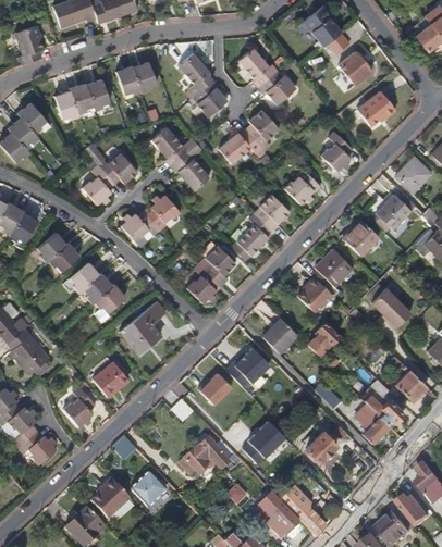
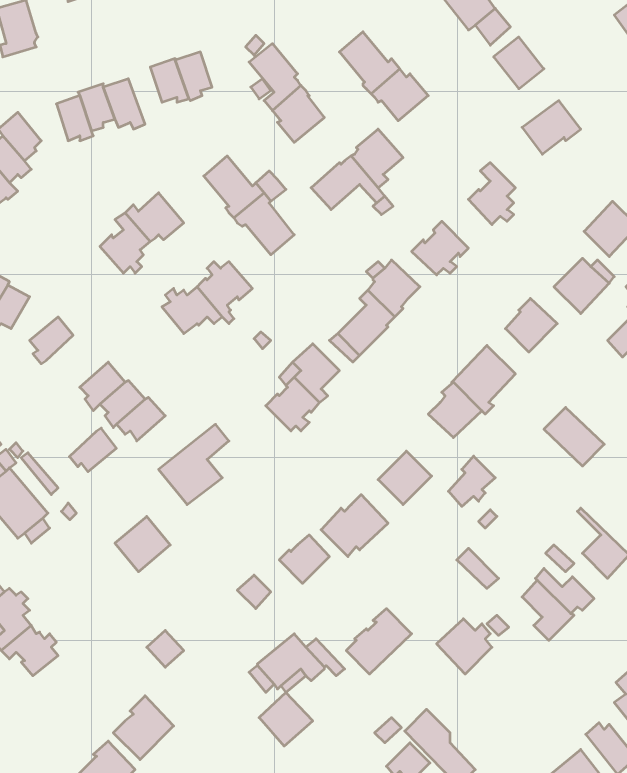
building: [47,241,77,270] -> [69,428,116,472]
building: [62,385,94,427] -> none
building: [131,472,165,507] -> [259,692,313,746]

